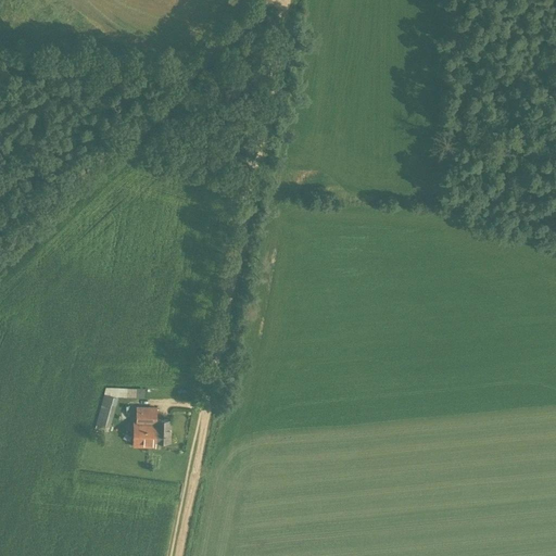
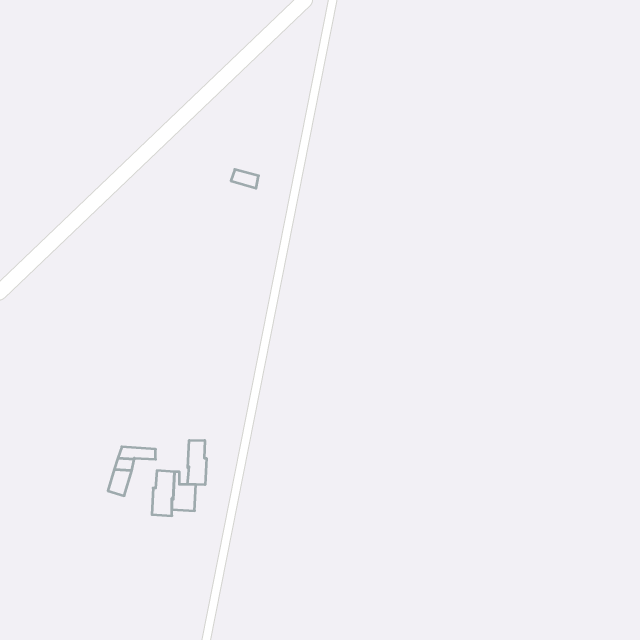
building: none -> [187,440,206,485]

